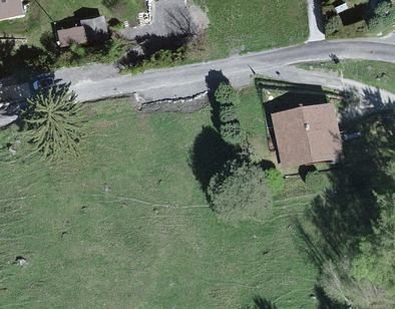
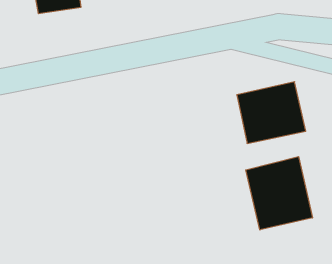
building: none -> [246,157,312,230]

